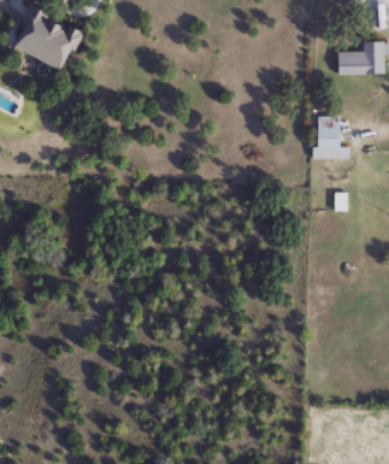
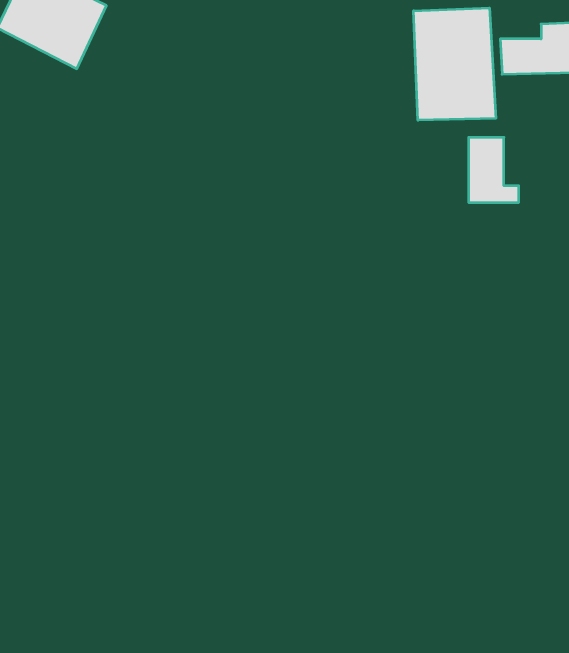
building: none -> [414,8,496,120]

